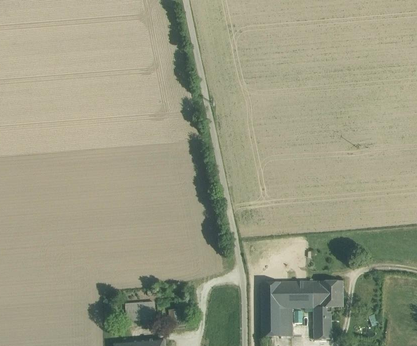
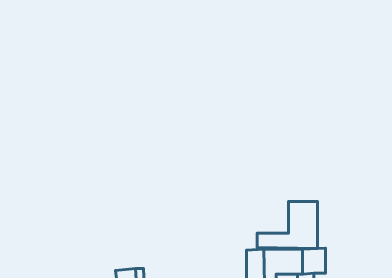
building: none -> [257,202,318,249]

